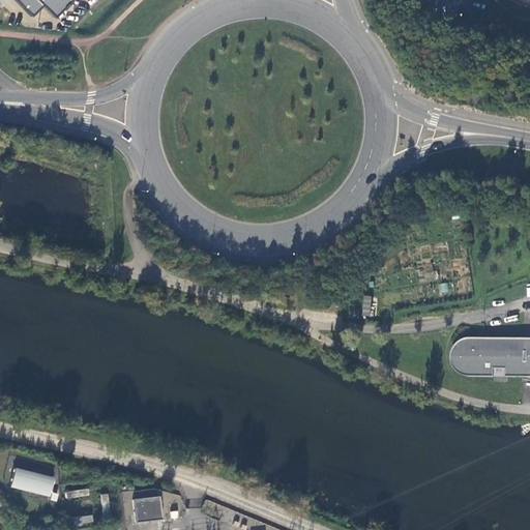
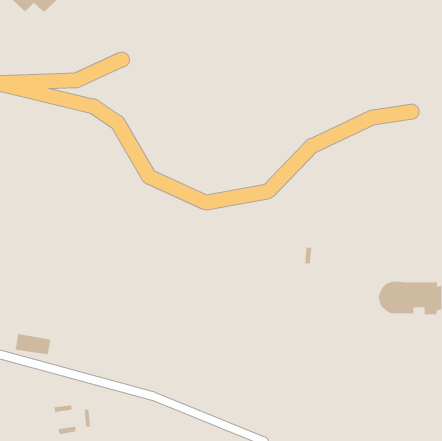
building: [11,468,55,494] -> [15,333,51,355]
building: [131,493,158,517] -> none

